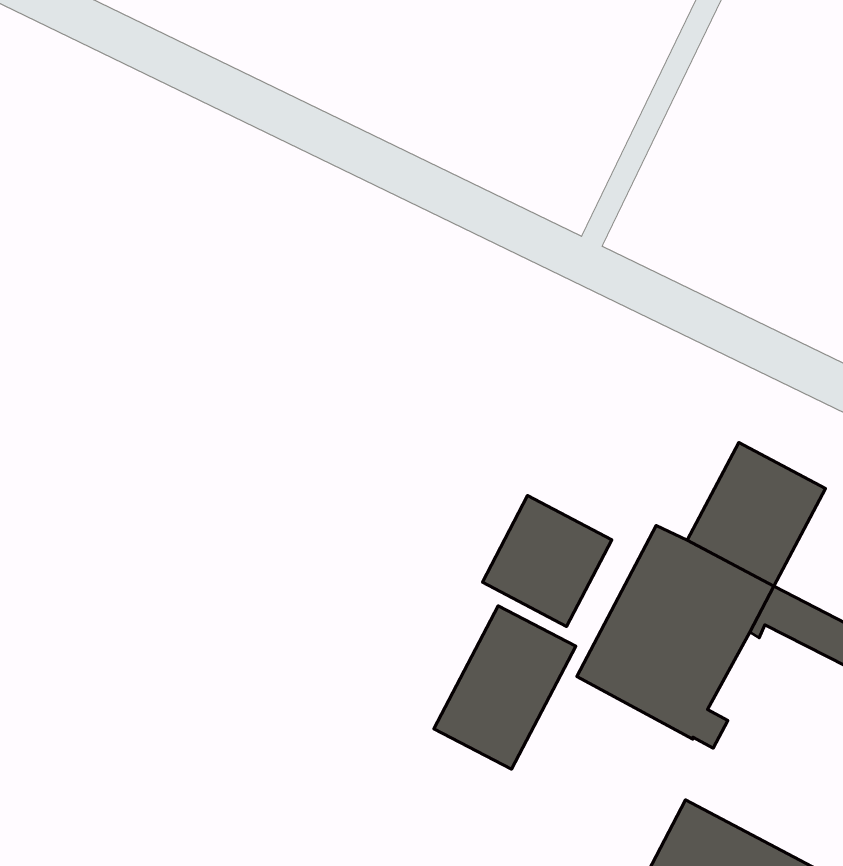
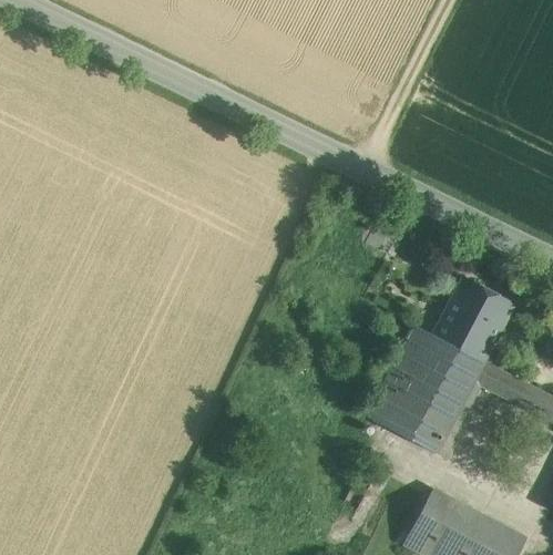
building: [482,496,612,626] -> none
building: [434,606,576,769] -> none

